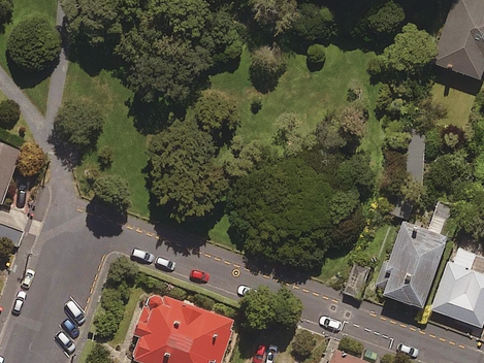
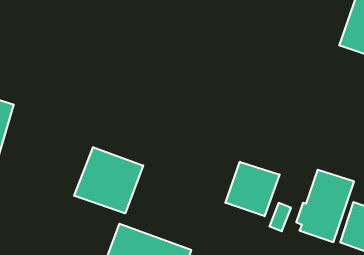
building: none -> [74,147,143,213]
building: none -> [225,162,280,216]

